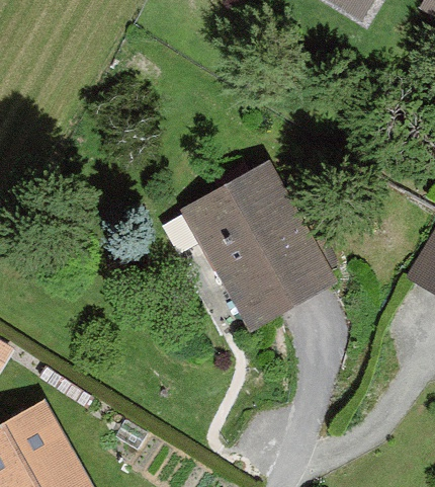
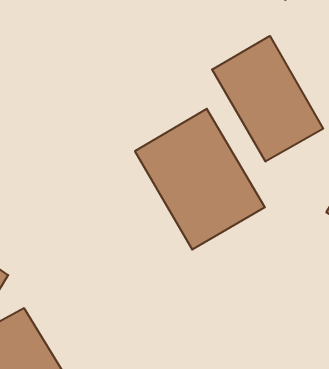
building: none -> [212,36,323,162]

